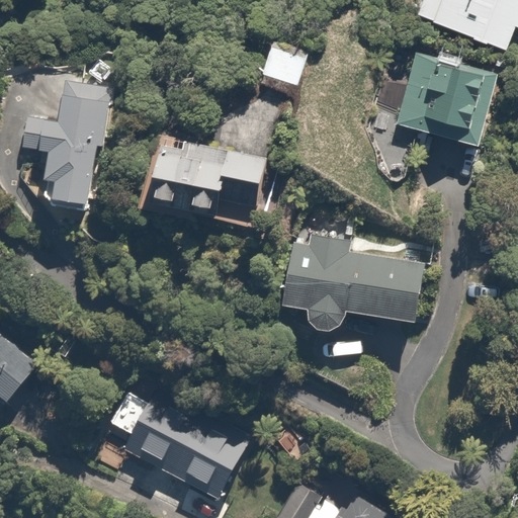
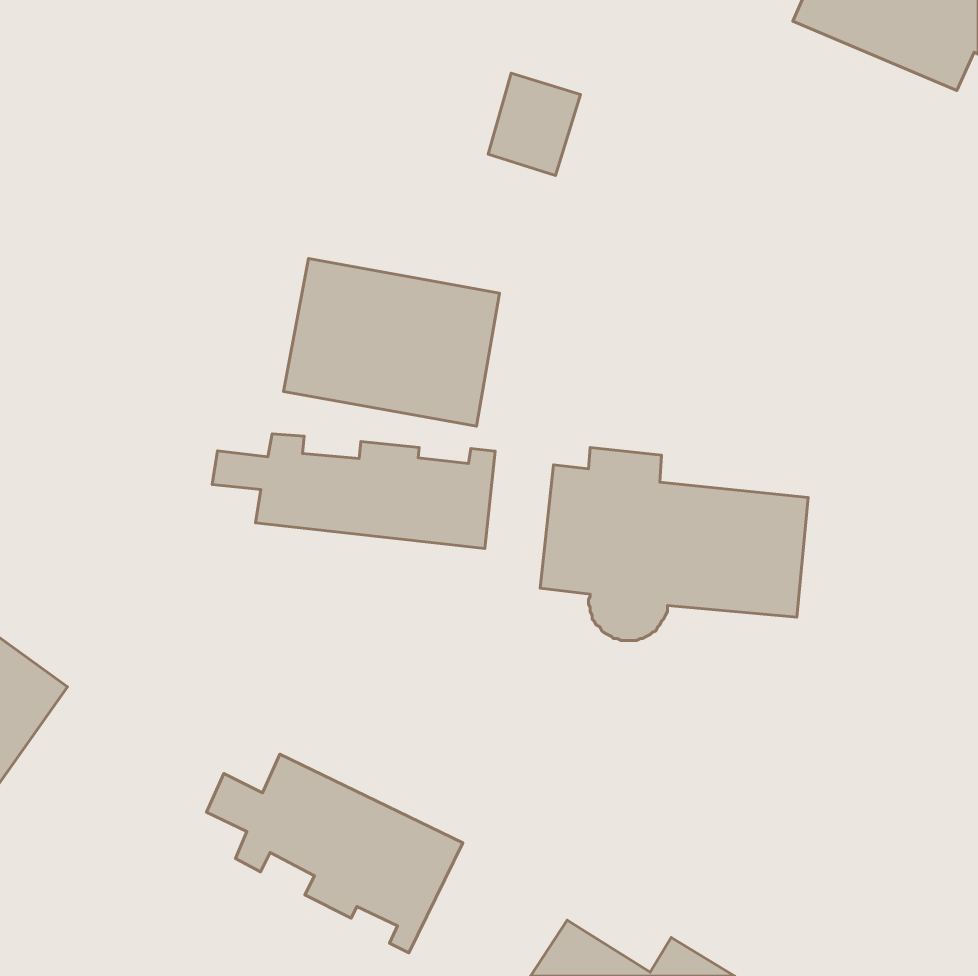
building: [394,50,503,151] -> none
building: [19,81,113,209] -> none
building: none -> [212,434,495,549]

